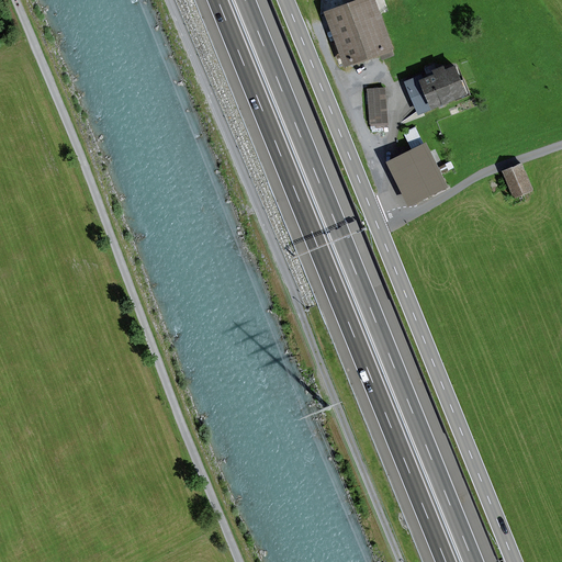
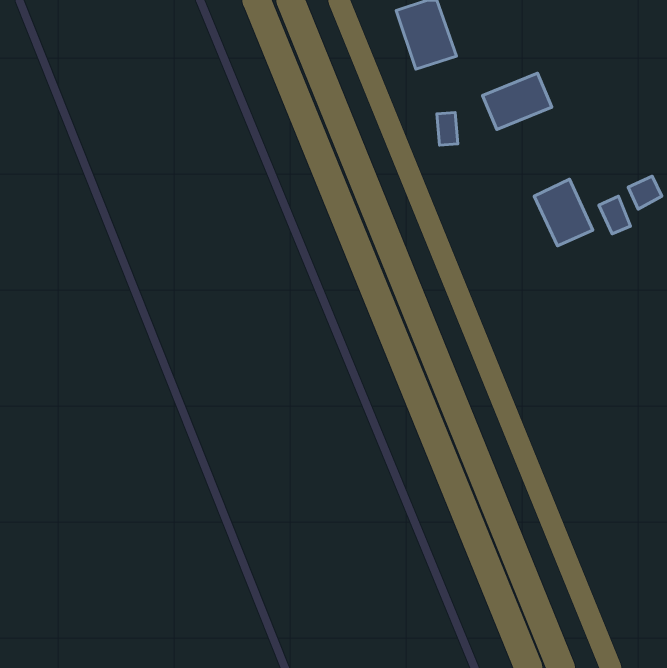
building: [393,144,442,200] -> [534,179,593,246]
building: none -> [628,176,662,209]

